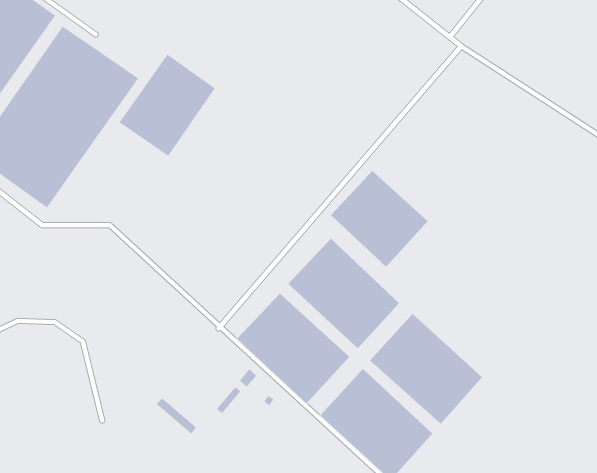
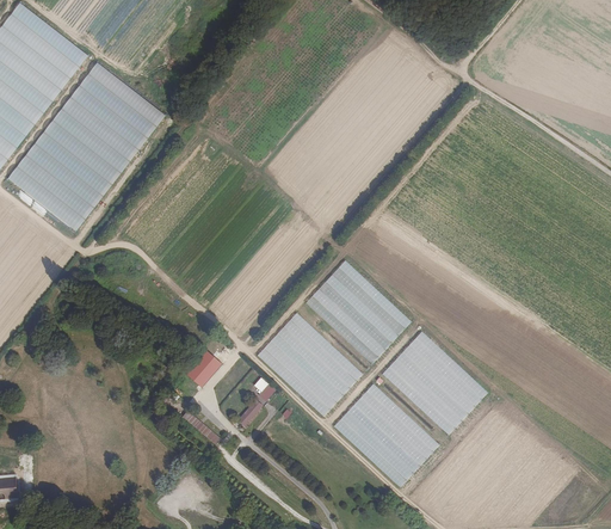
building: [119,53,216,157] -> none
building: [330,170,429,267] -> none
building: none -> [185,351,220,387]

